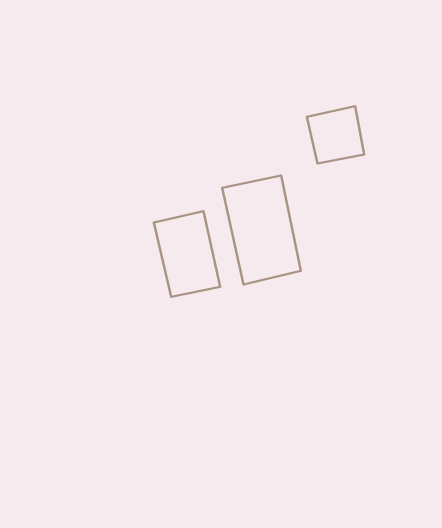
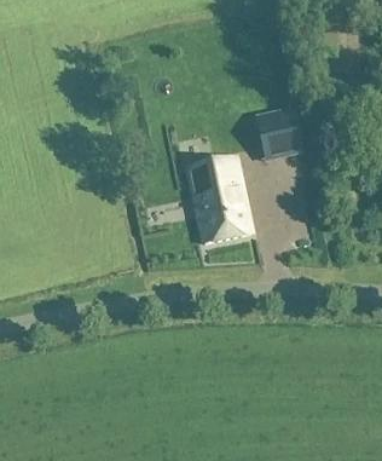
building: [154,211,220,297] -> none

